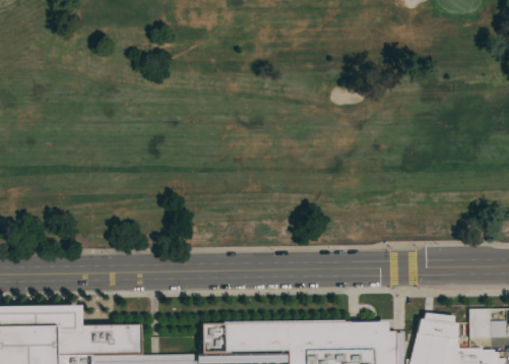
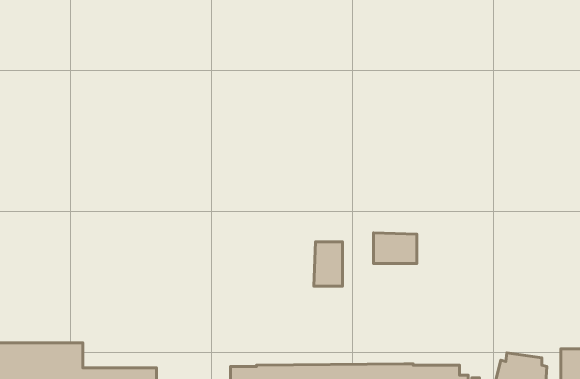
building: none -> [374,233,417,263]
building: none -> [314,242,342,286]

